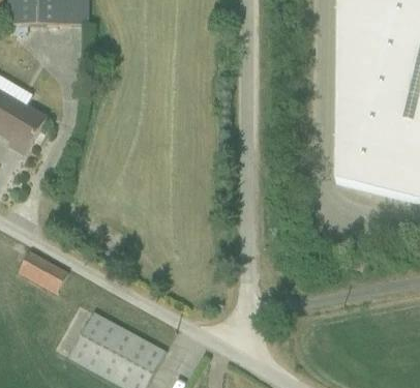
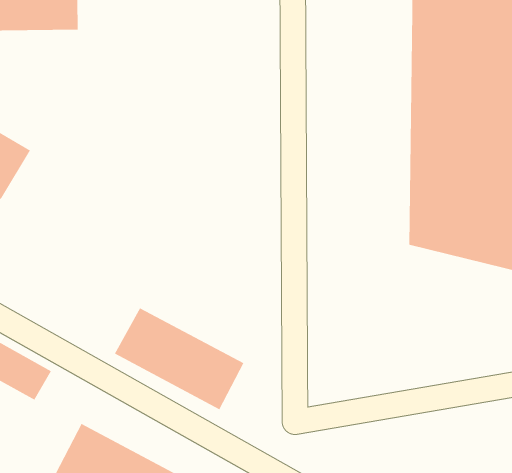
building: none -> [114,308,244,410]

